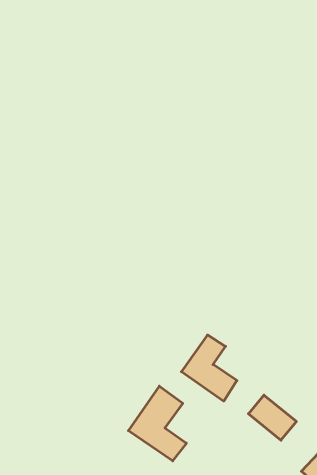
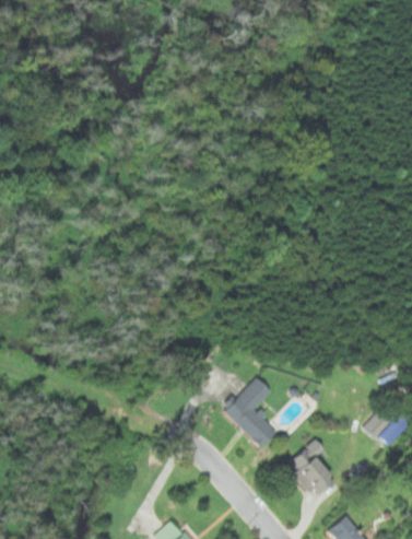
building: [128,386,186,461] -> none

